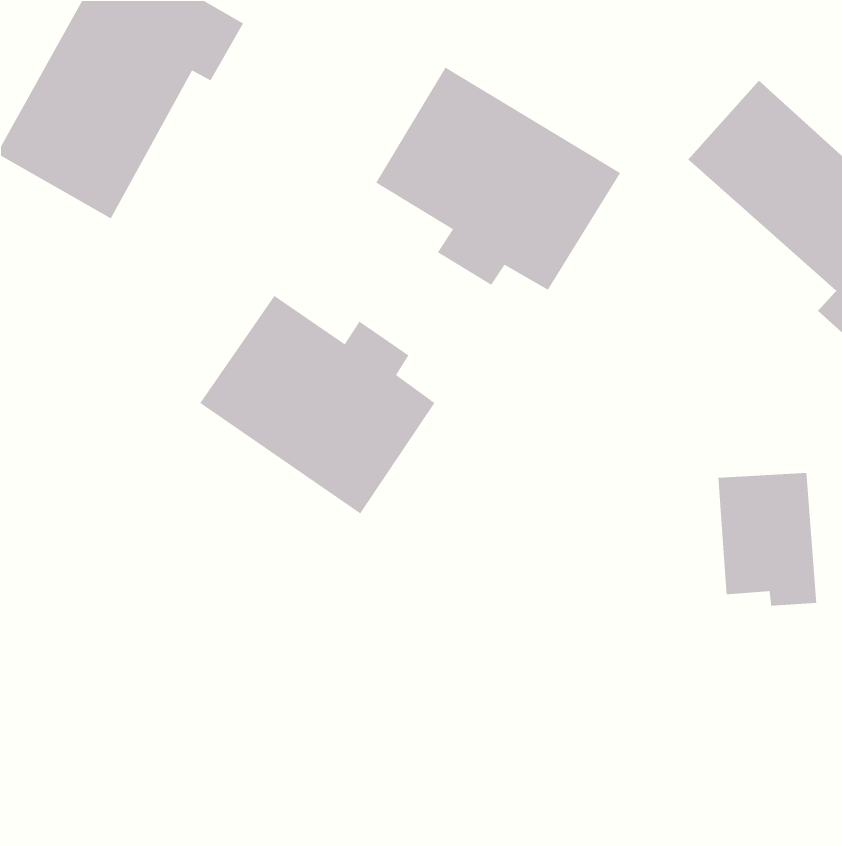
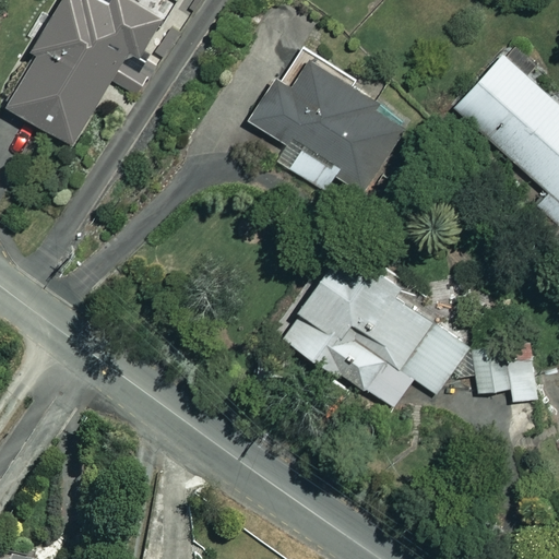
building: [199,295,436,515] -> none
building: none -> [274,247,474,415]

